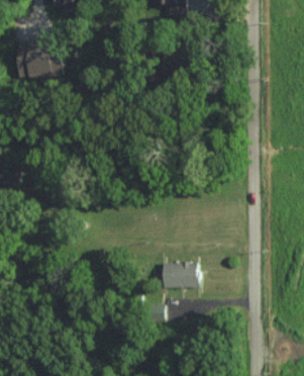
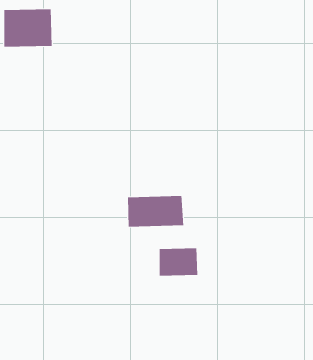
building: none -> [128,195,184,227]

